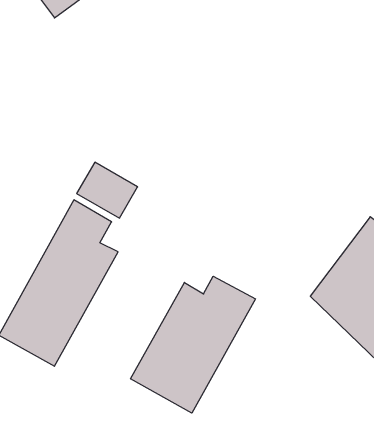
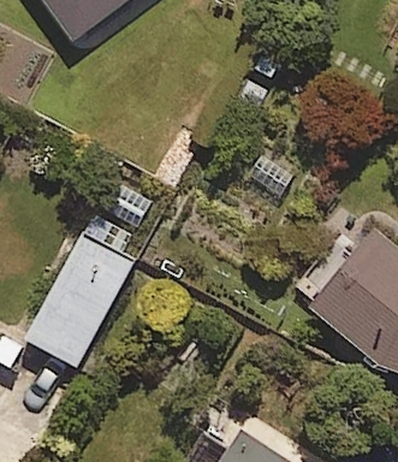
building: [131,276,255,413] -> none

